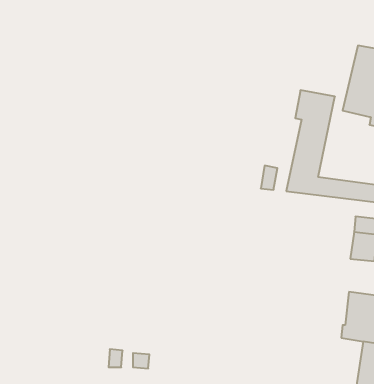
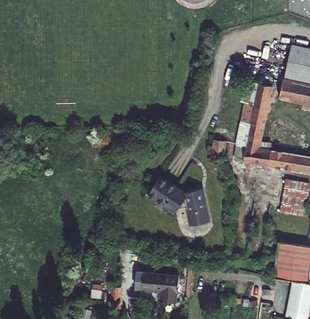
building: none -> [147,179,208,226]
building: none -> [141,274,178,303]

